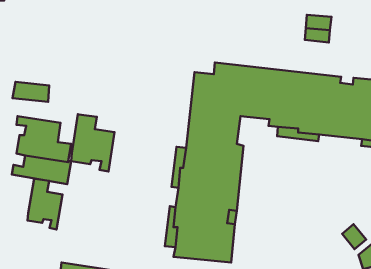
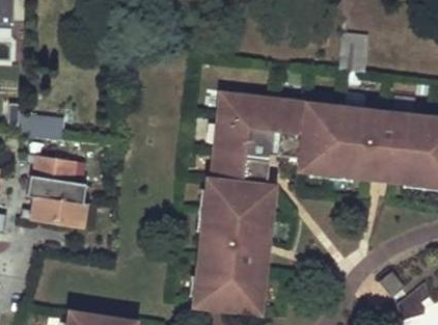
building: [71,114,115,172] -> none
building: [28,178,62,229] -> none

